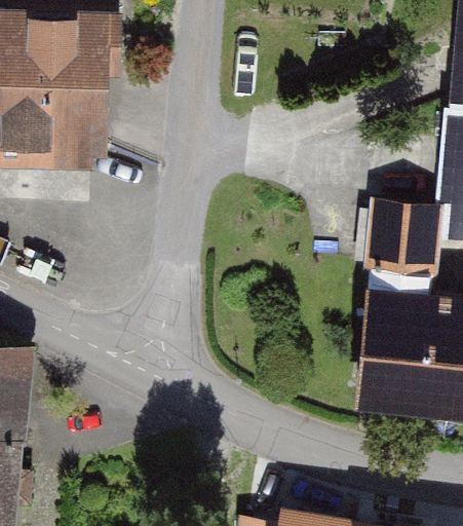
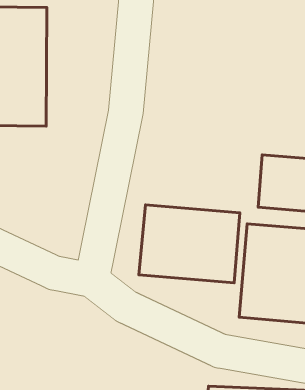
building: none -> [139,205,240,283]

